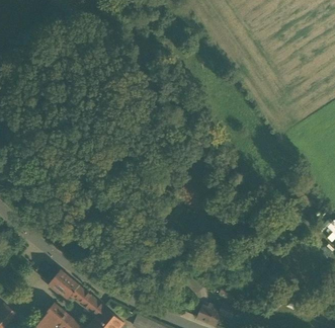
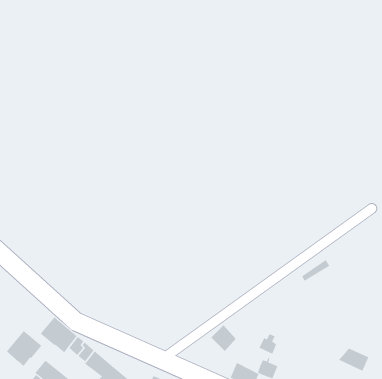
building: none -> [6,330,42,367]

